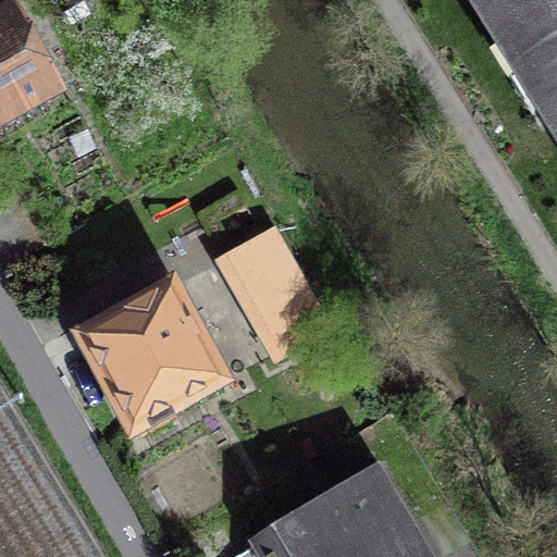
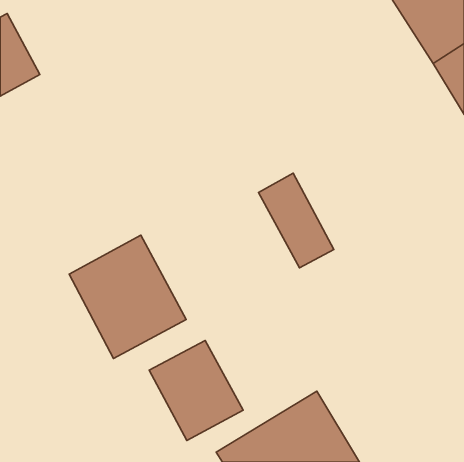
building: [226,235,317,348] -> [259,173,334,268]
building: none -> [149,341,243,440]

